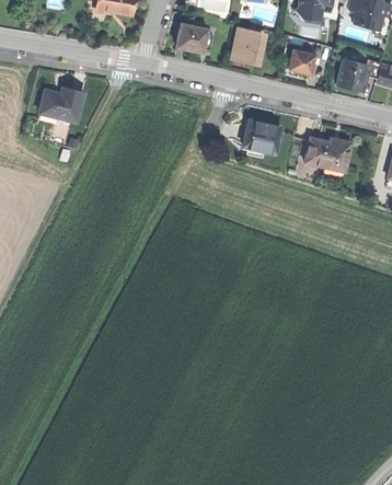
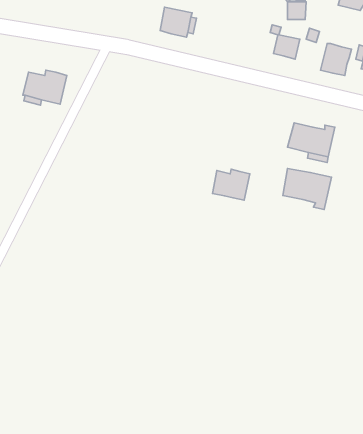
building: [231,27,260,63] -> none
building: [243,123,280,153] -> [212,169,250,200]
building: none -> [283,168,331,210]

